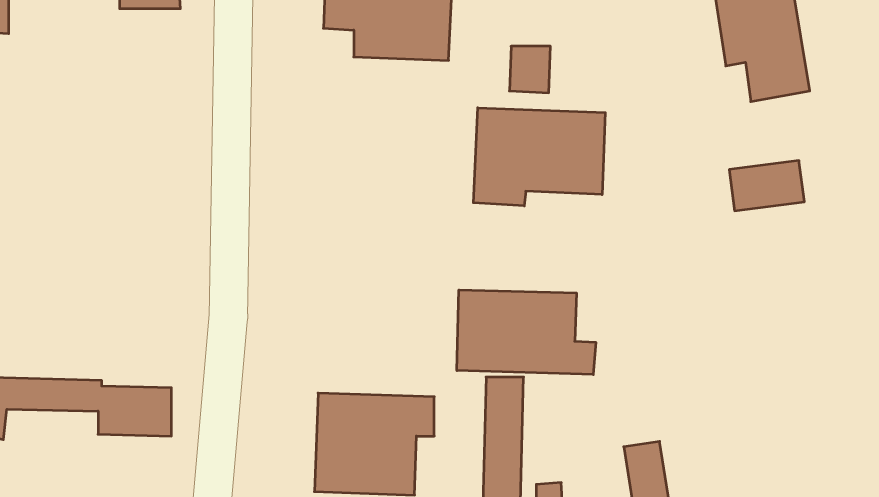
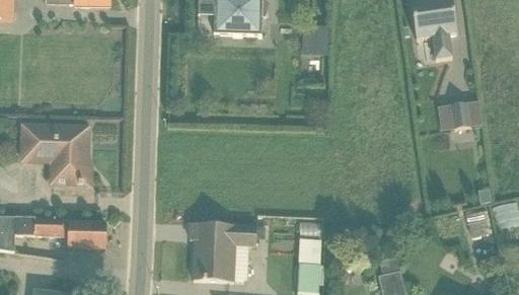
building: [473,108,605,206] -> none
building: none -> [19,123,90,183]
building: [457,290,596,375] -> none

